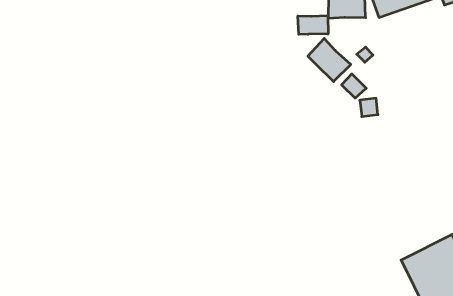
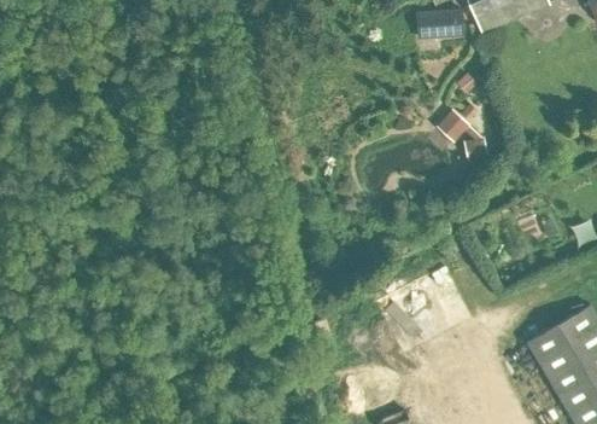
building: [298,15,328,34] -> none
building: [308,38,351,82] -> none

